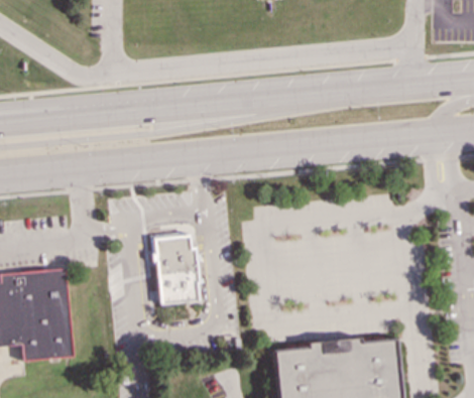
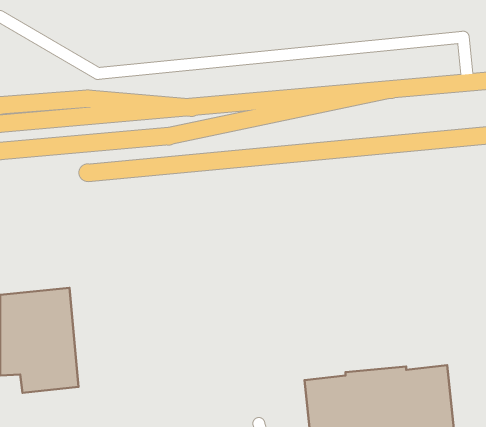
building: [150,234,200,304] -> none

